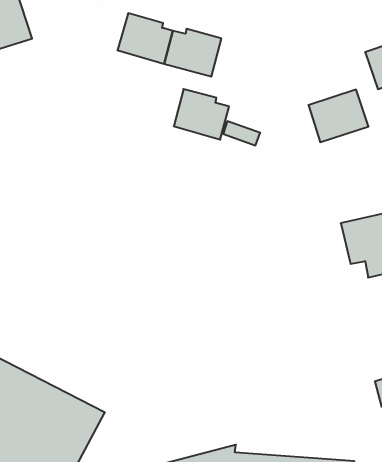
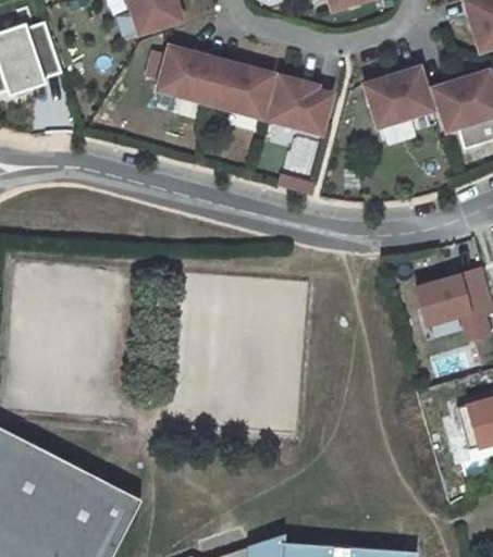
building: [174,89,229,140] -> [268,81,330,137]
building: [308,90,369,142] -> [368,74,435,133]

